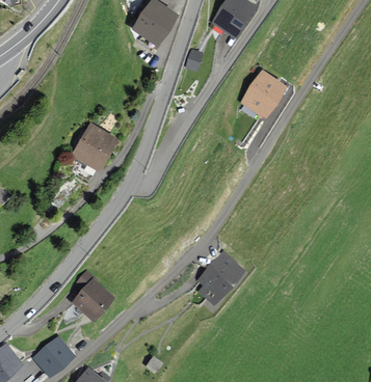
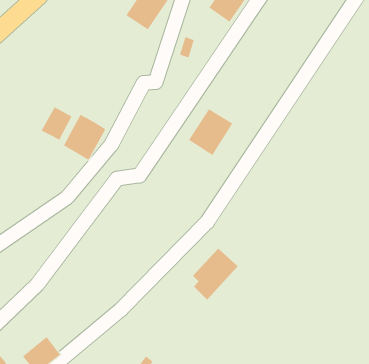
building: [242,71,286,116] -> [188,109,233,156]
building: none -> [41,107,72,140]
building: [73,272,113,319] -> none

